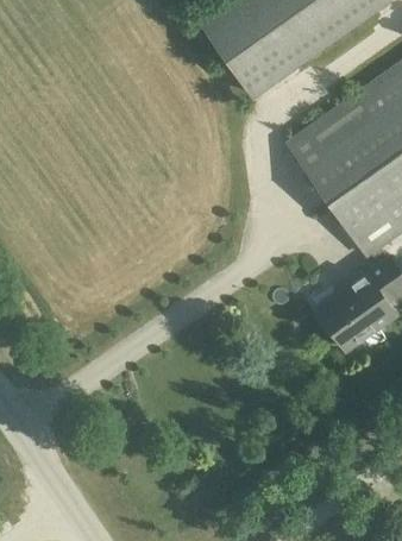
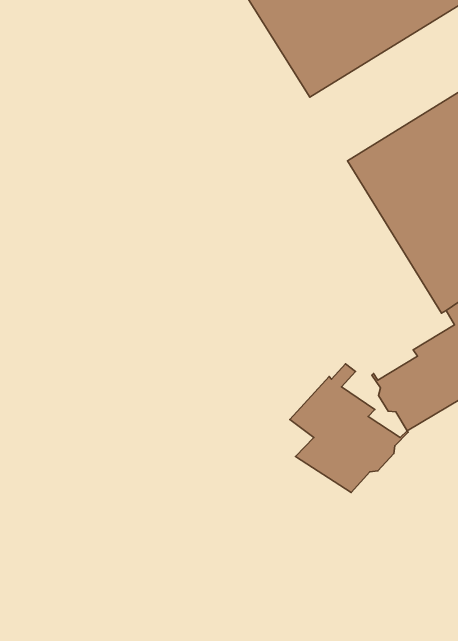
building: none -> [290,364,408,493]

